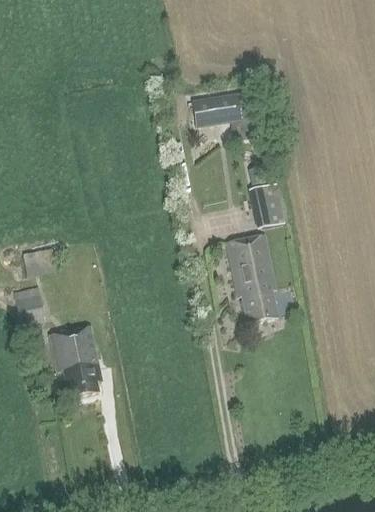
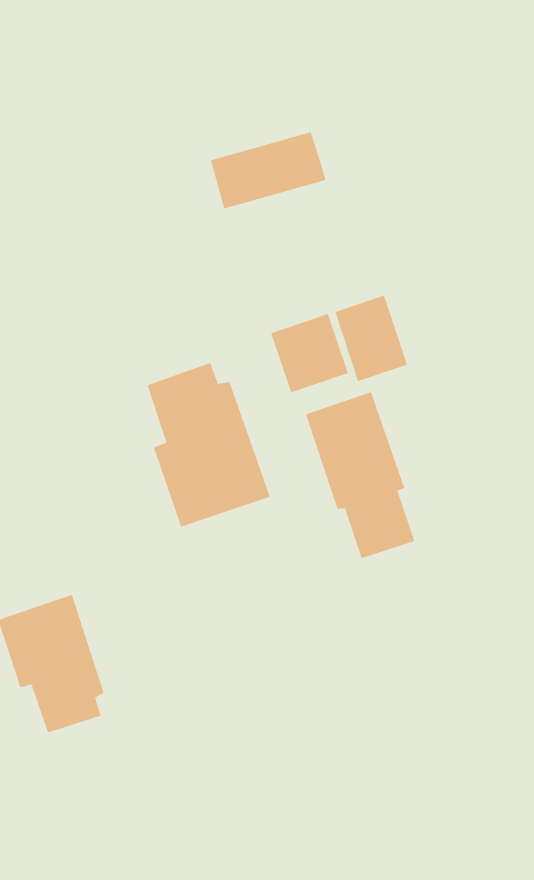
building: none -> [271,313,349,393]
building: none -> [147,362,271,528]

